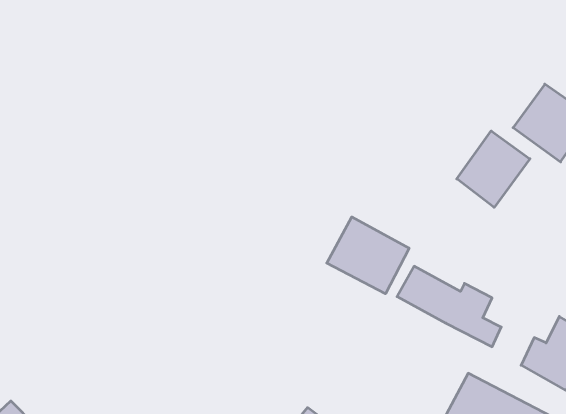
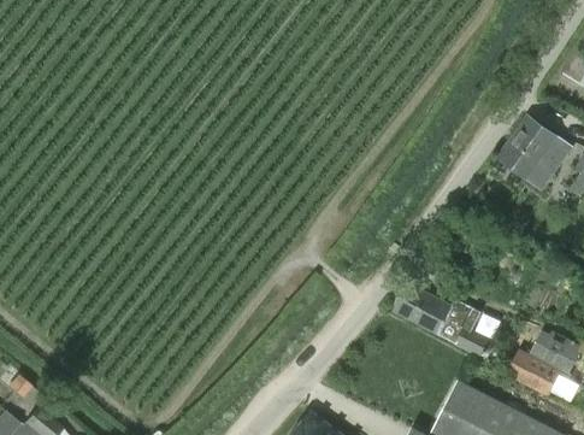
building: [457,131,530,207] -> none
building: [327,217,409,294] -> none

